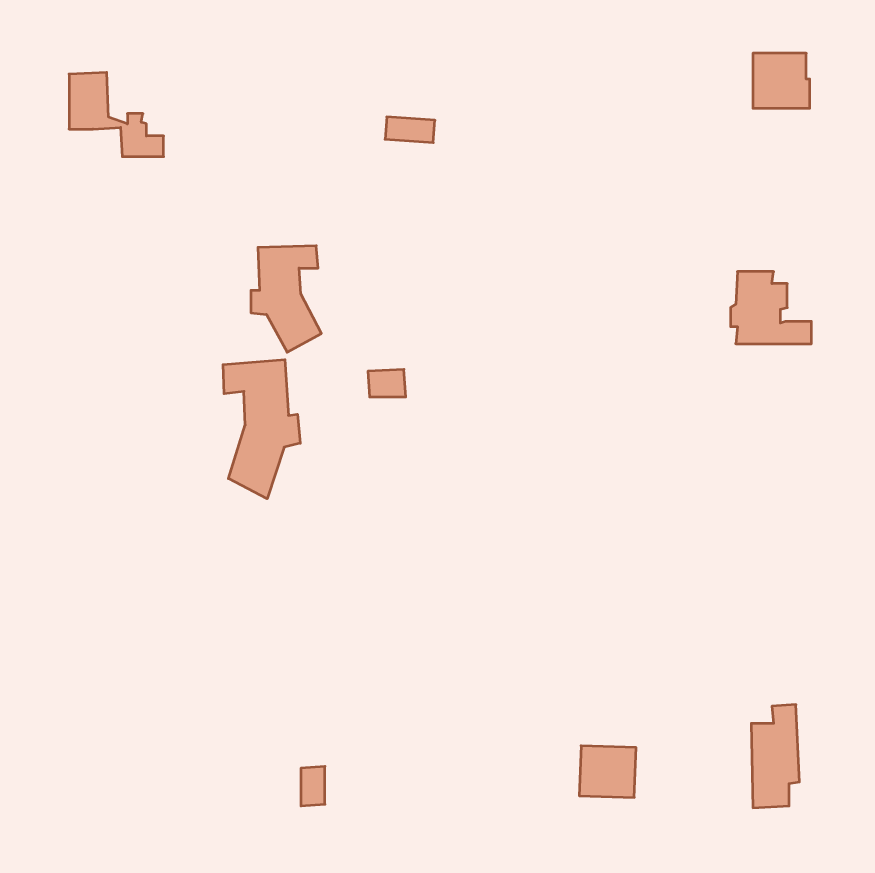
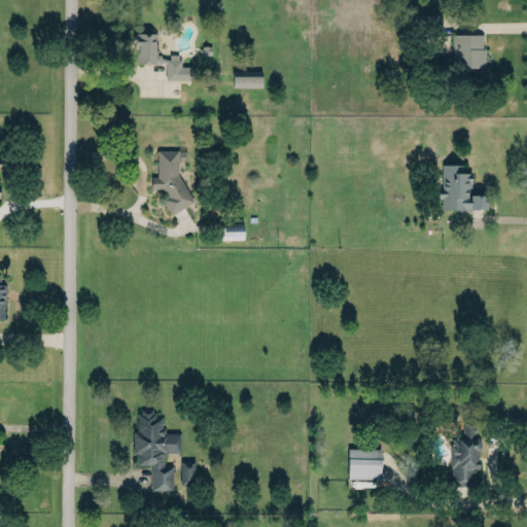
building: [69,72,164,157] -> [136,30,192,80]
building: [223,360,300,499] -> none
building: none -> [137,411,182,491]

